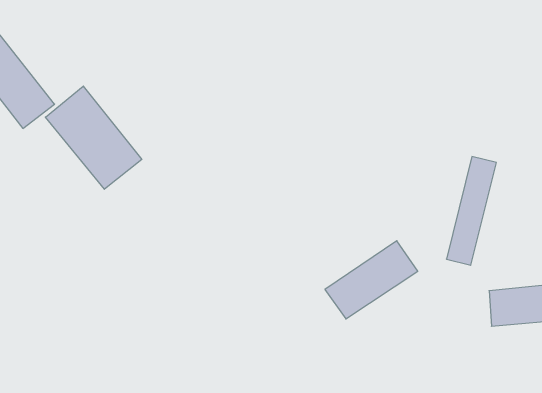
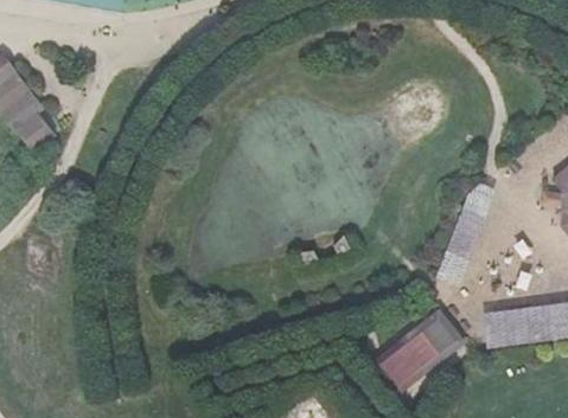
building: [45,86,142,189] -> none
building: [325,241,418,319] -> [376,316,466,392]

